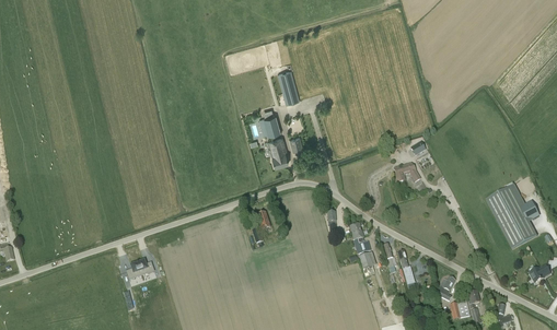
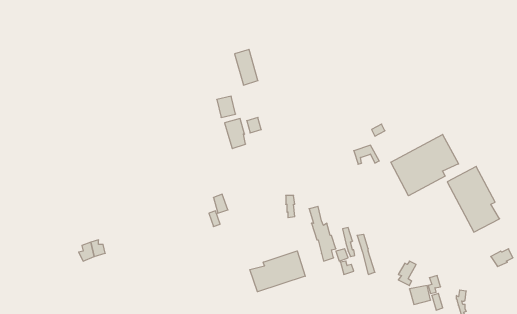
building: none -> [391,134,459,196]
building: none -> [250,251,305,292]

